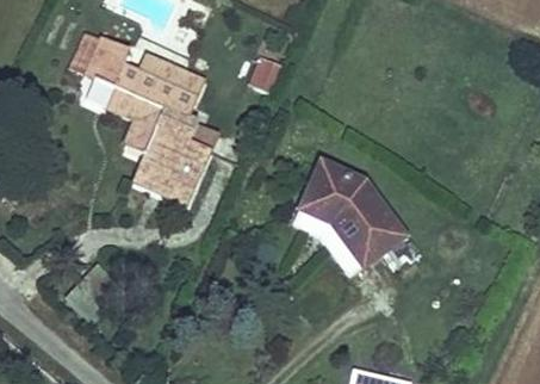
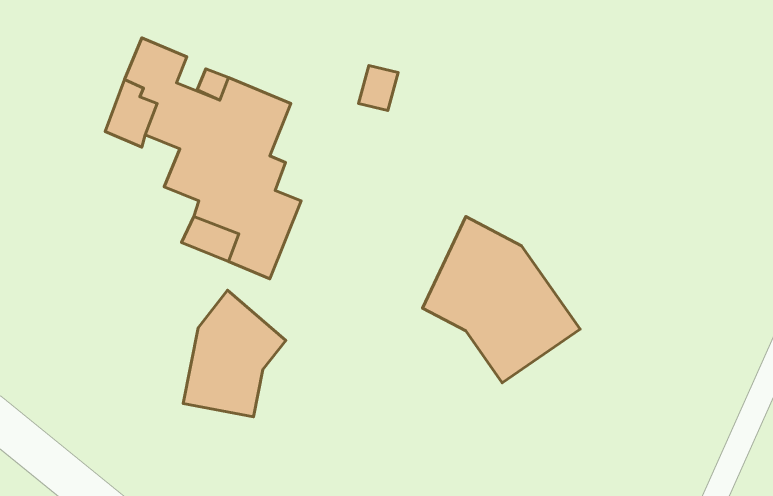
building: none -> [183,290,286,417]

